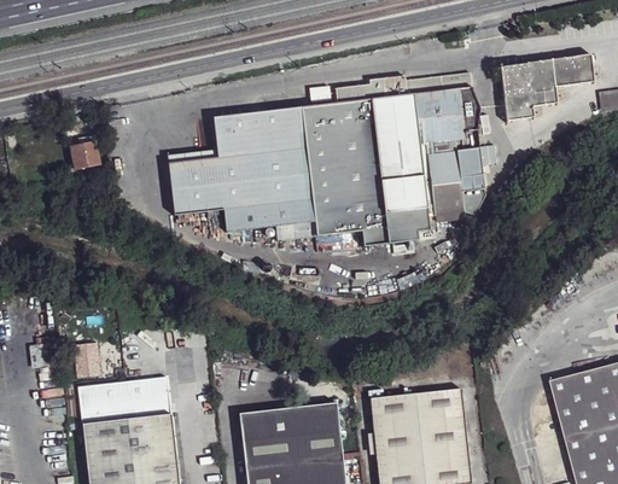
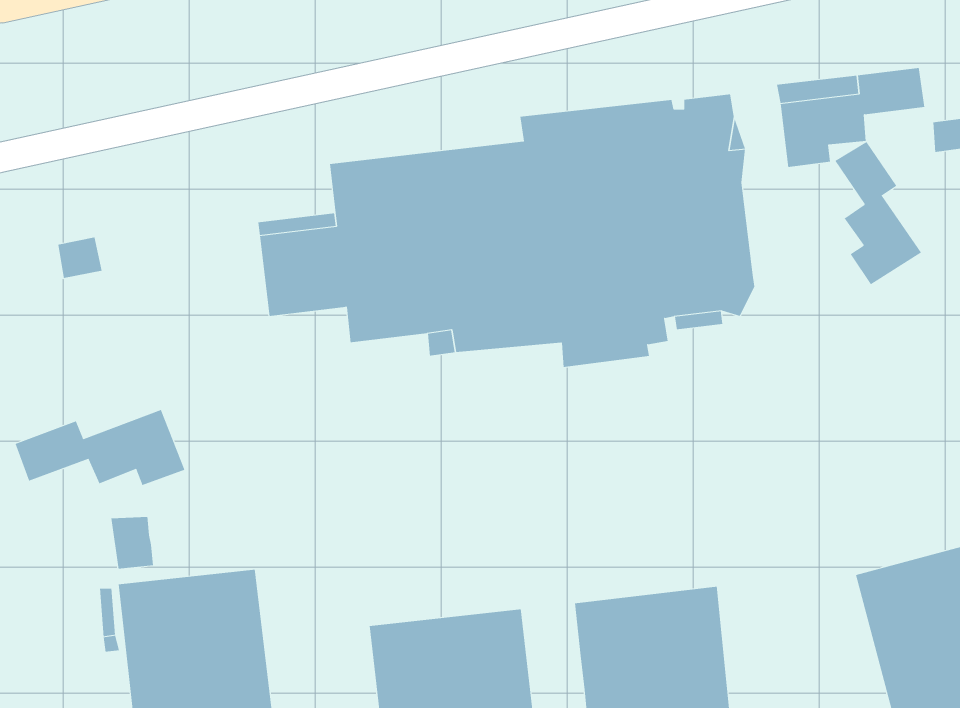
building: none -> [835,141,922,285]
building: [70,141,99,168] -> [57,237,103,278]
building: none -> [15,409,185,486]

